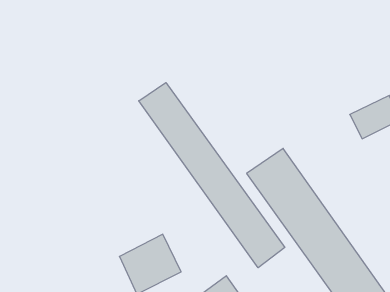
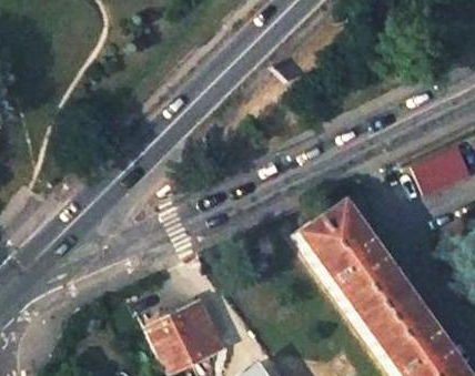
building: [139,83,285,268] -> none

